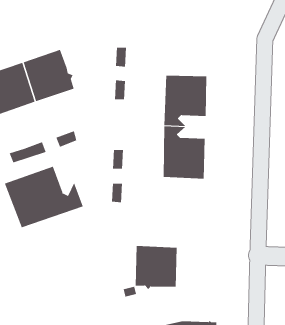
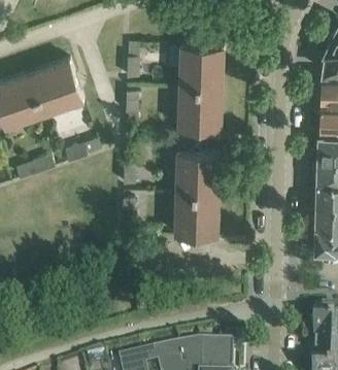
building: none -> [179,36,225,82]
building: [4,166,84,228] -> none
building: [135,245,178,290] -> [175,188,219,234]

